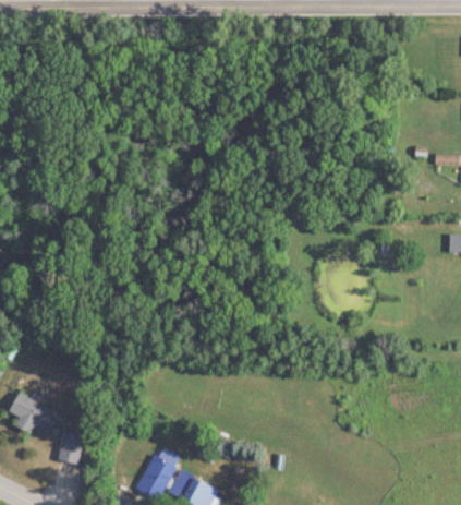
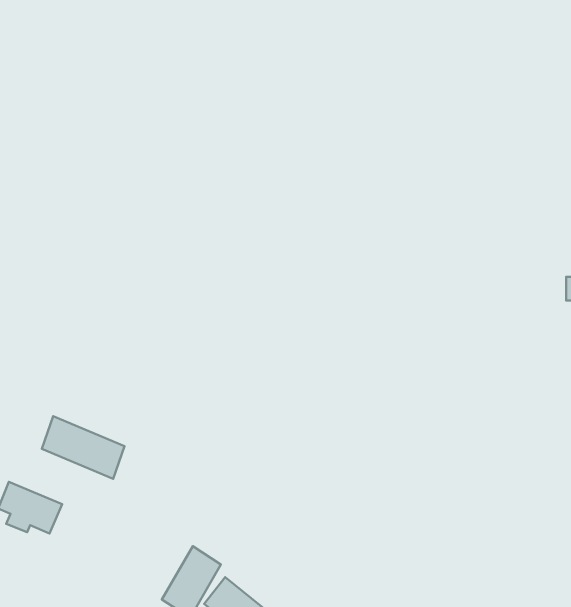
building: none -> [42,416,125,479]
building: [58,431,84,462] -> none

